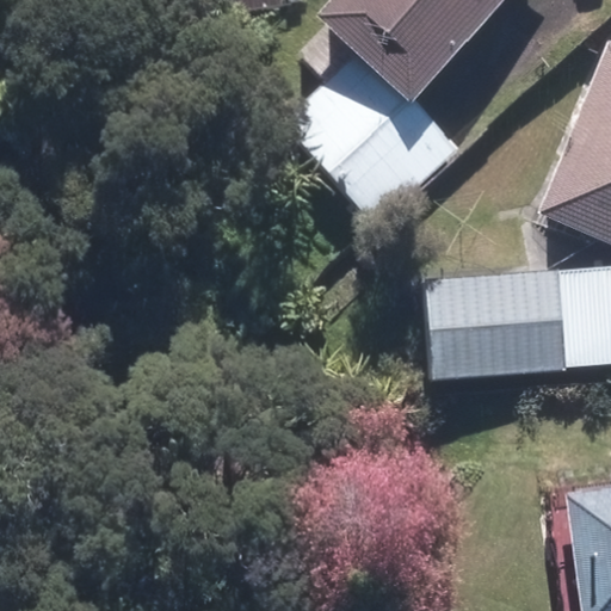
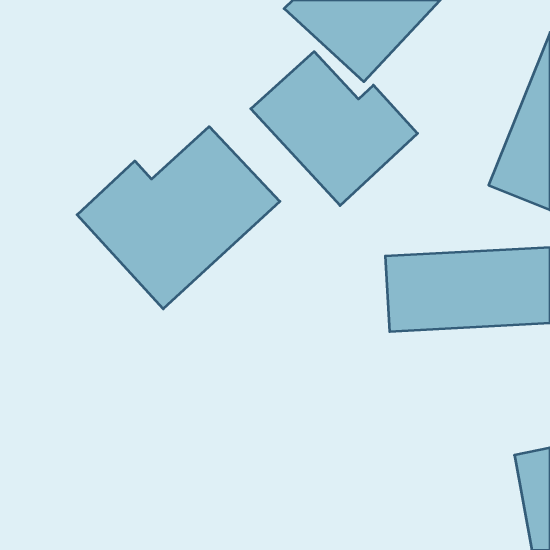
building: none -> [77,127,280,309]

